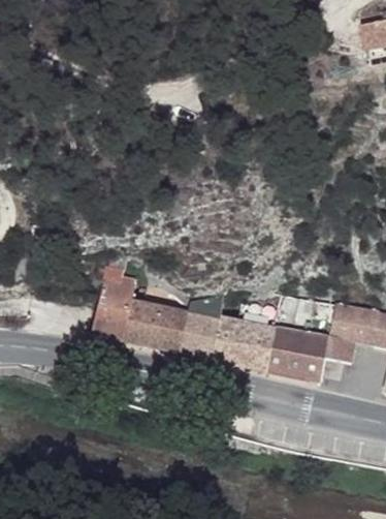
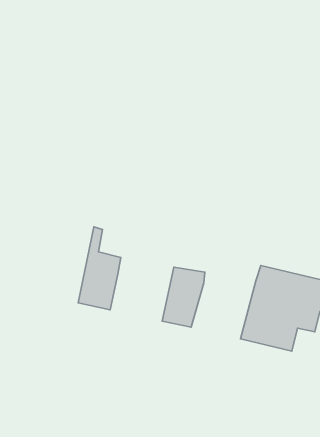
building: [128,289,196,354] -> none
building: [215,303,284,372] -> none

